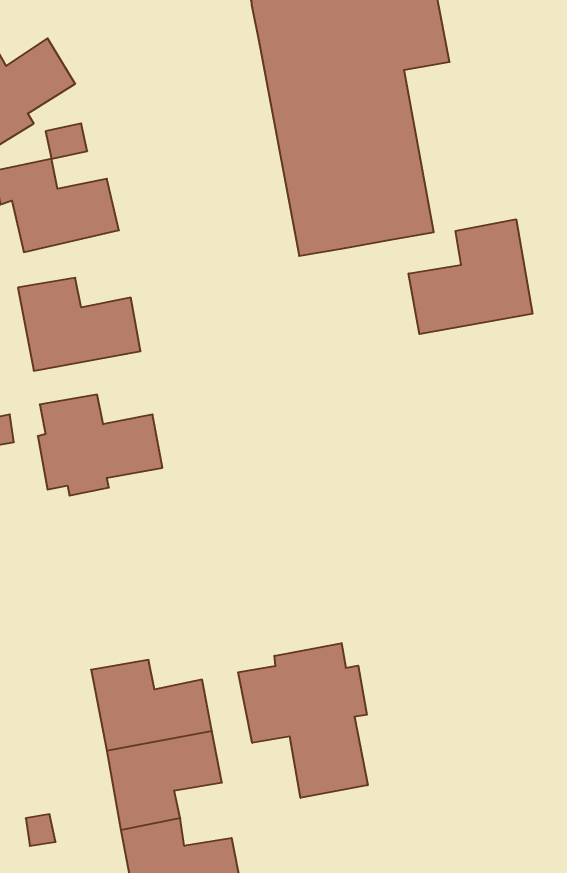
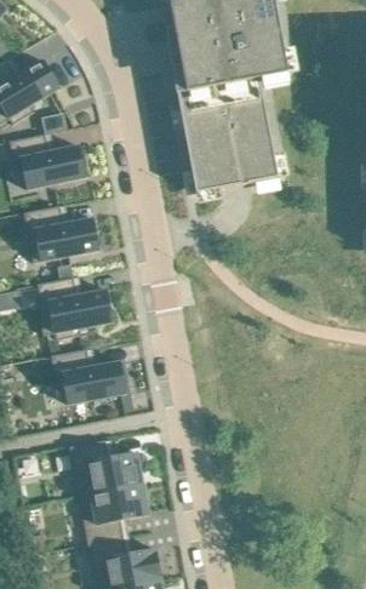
building: [409,219,533,334] -> none
building: none -> [51,348,126,404]
building: [238,643,368,798] -> none

